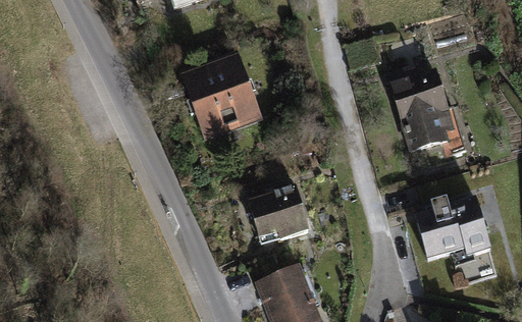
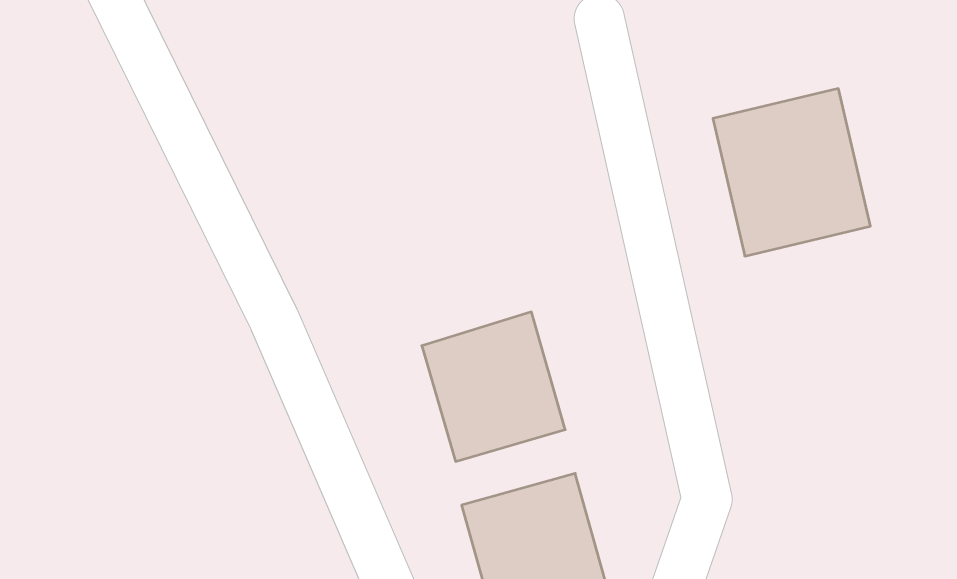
building: [184,59,258,135] -> none
building: [415,197,491,273] -> none

